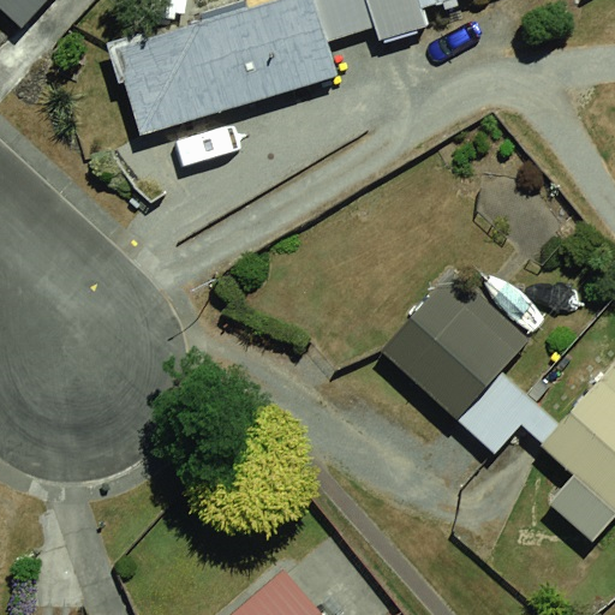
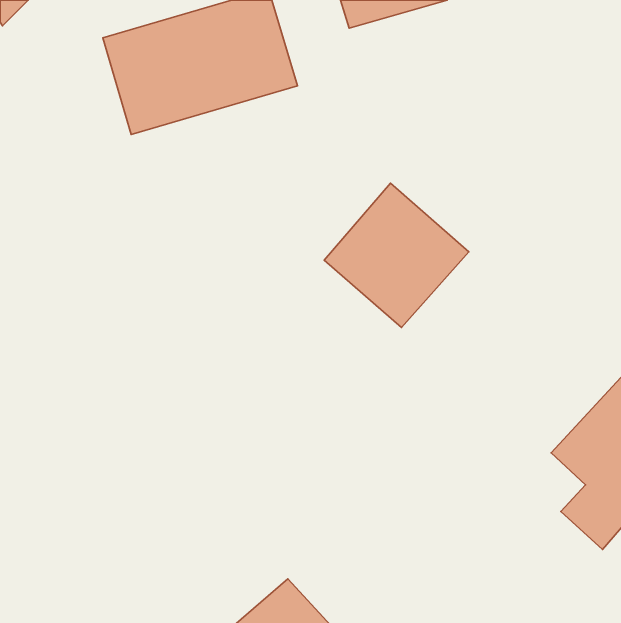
building: [388,279,530,420] -> [324,183,469,328]

